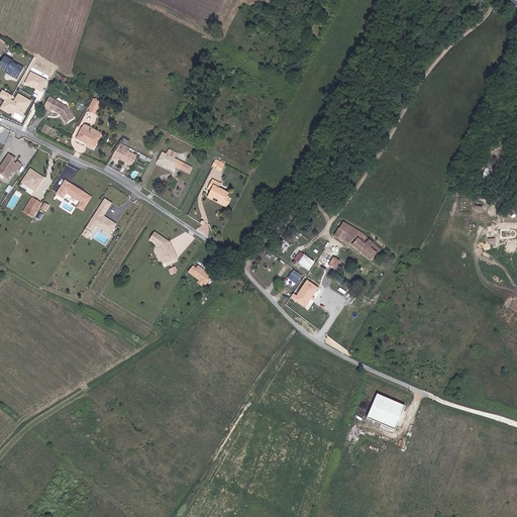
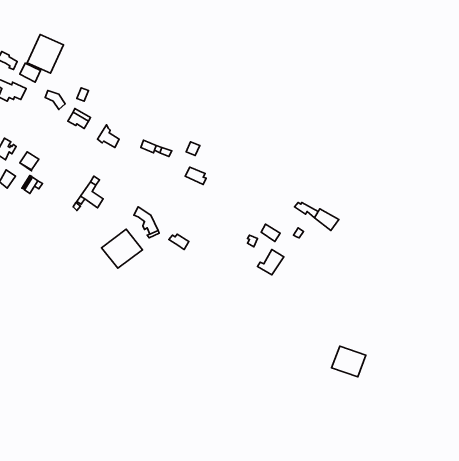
building: none -> [27,35,64,73]
building: [54,180,91,212] -> none
building: none -> [102,229,143,268]

